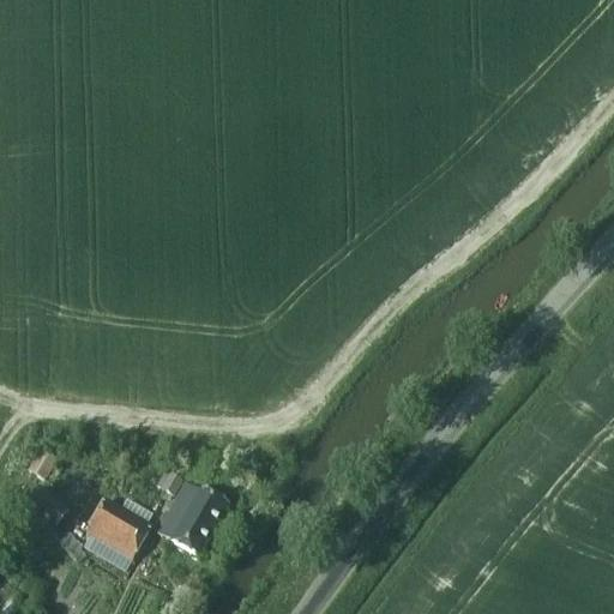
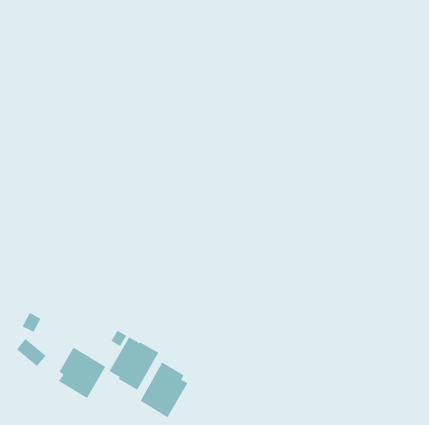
building: none -> [140,361,188,418]

